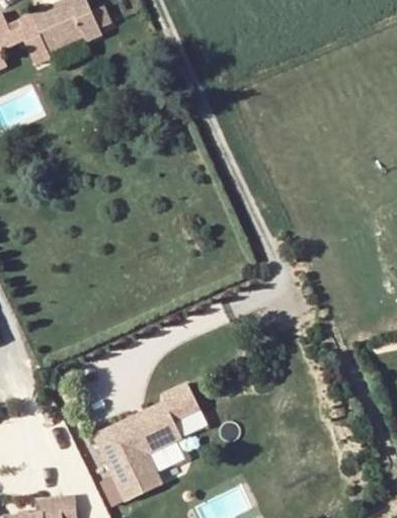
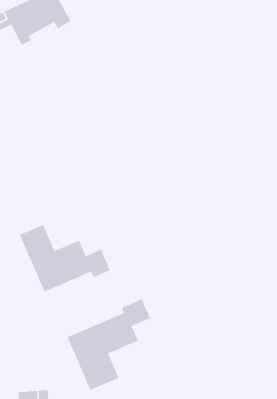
building: none -> [19,224,111,293]

